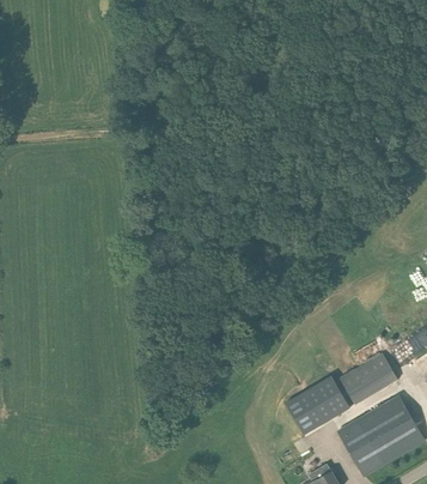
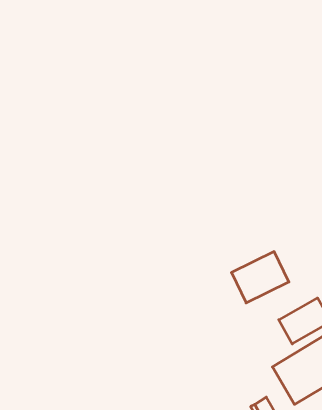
building: [287,373,353,431] -> [231,252,289,303]

